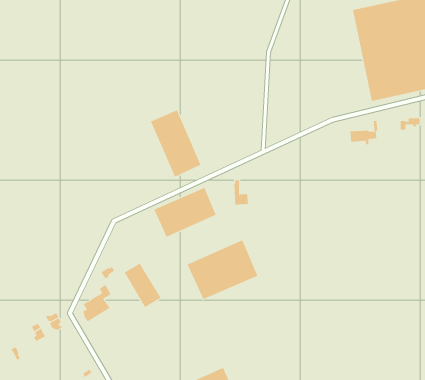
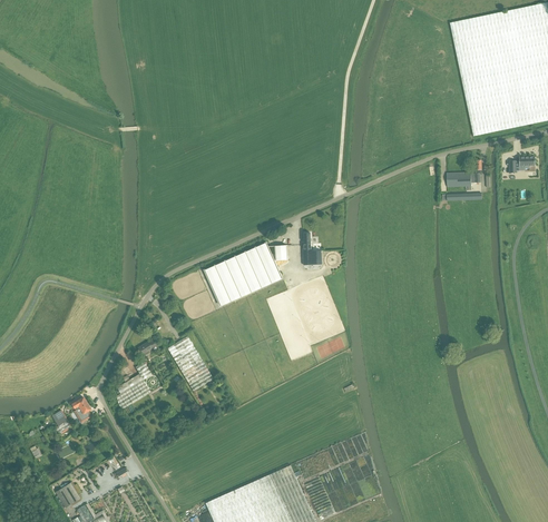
building: [150,110,201,177] -> none
building: [187,240,258,300] -> none

